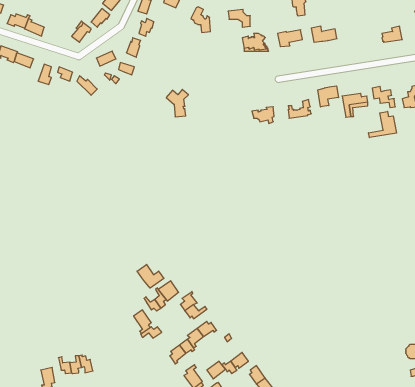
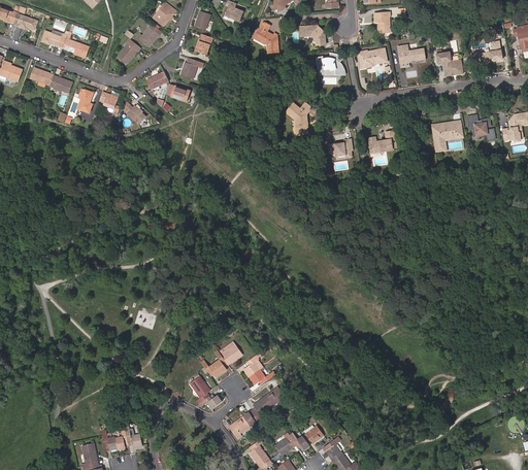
building: none -> [435,51,462,75]
building: [318,86,339,107] -> none
building: [166,89,188,117] -> [286,101,311,133]
building: [369,111,396,138] -> none
building: [137,264,164,288] -> none

